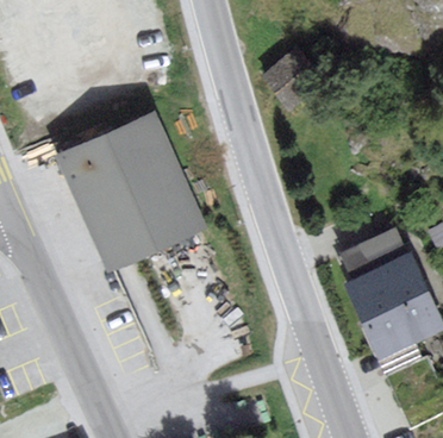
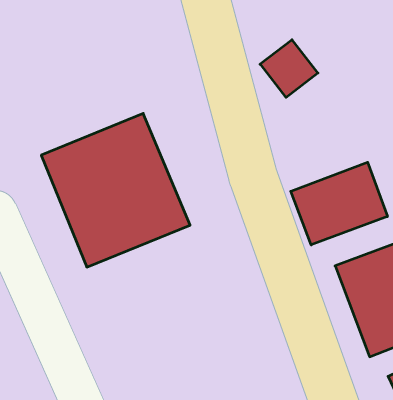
building: none -> [291,162,387,245]

